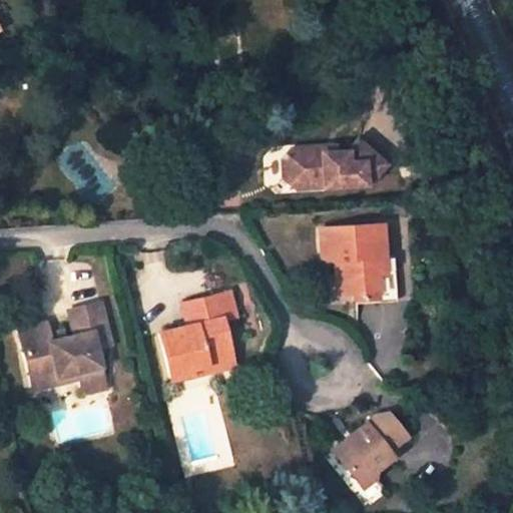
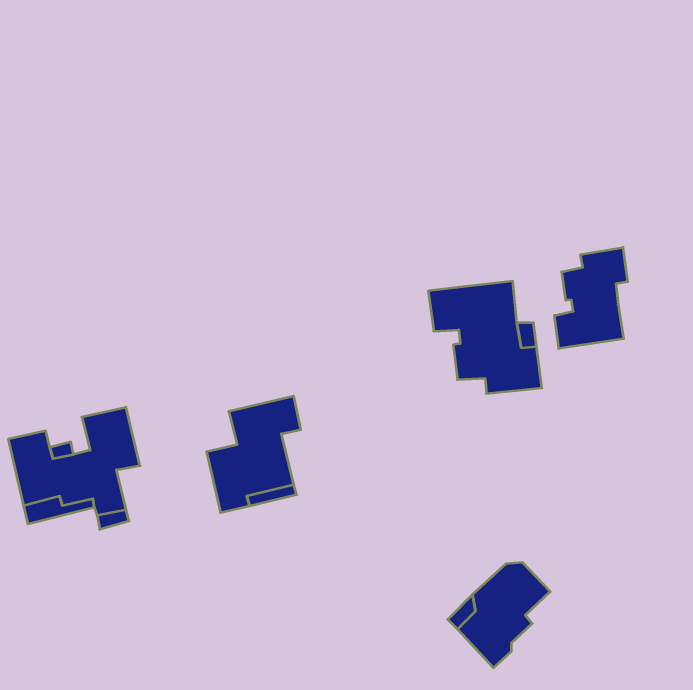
building: [293,132,396,183] -> none
building: none -> [554,247,628,349]

